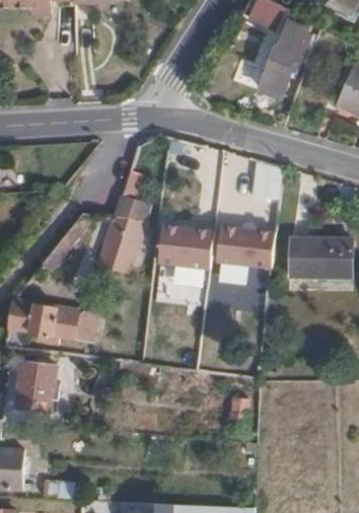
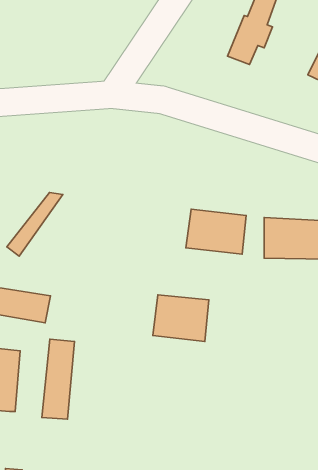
building: [99,169,150,274] -> none
building: [160,226,215,272] -> [153,295,209,342]
building: none -> [42,339,75,419]

